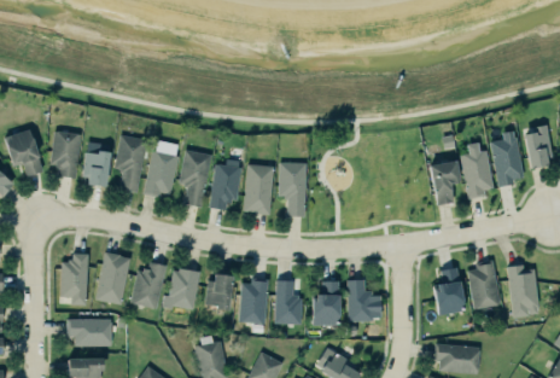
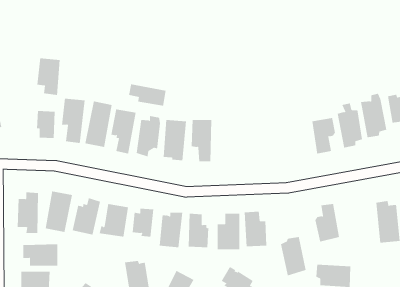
building: none -> [128,83,166,106]
building: [52,132,82,179] -> [36,58,61,96]
building: [468,261,501,310] -> [280,236,306,276]

